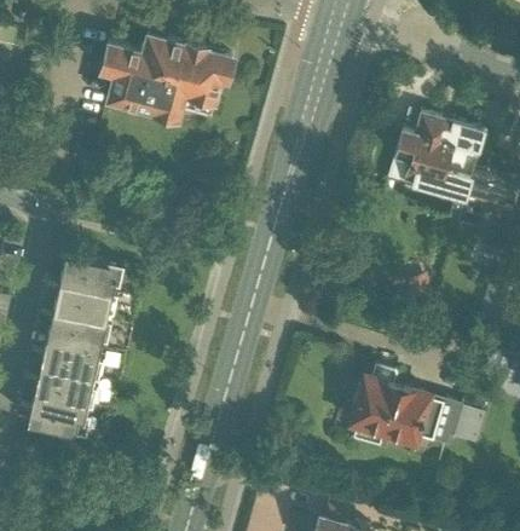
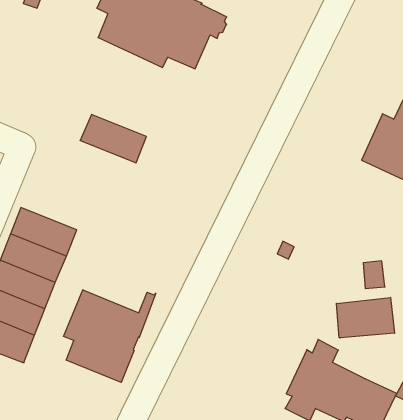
building: [58,254,123,295] -> [80,114,146,163]
building: none -> [336,297,395,338]
building: none -> [63,290,156,382]

